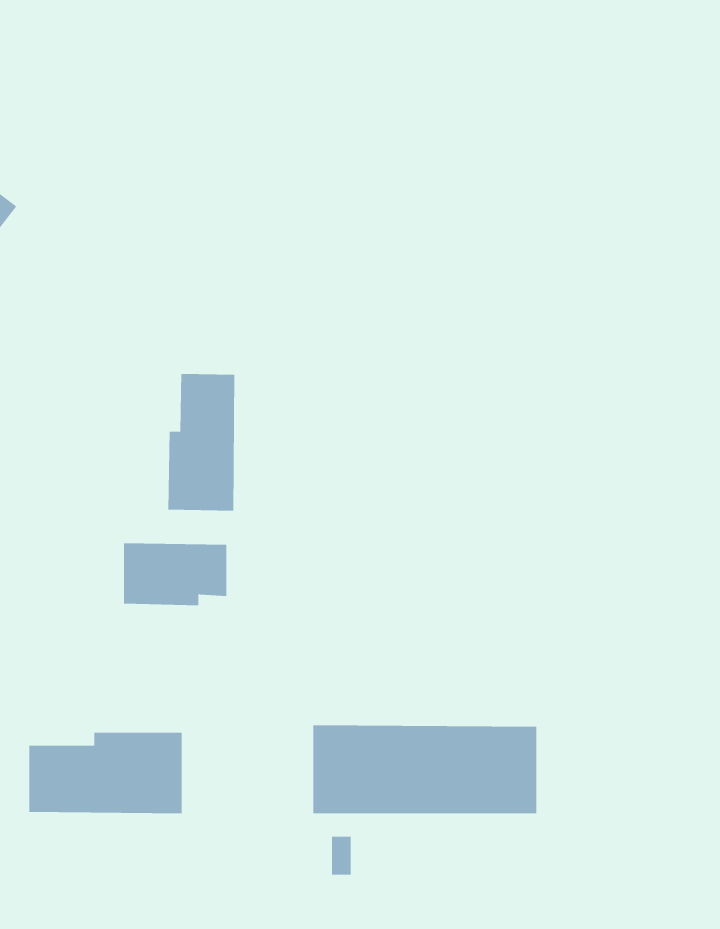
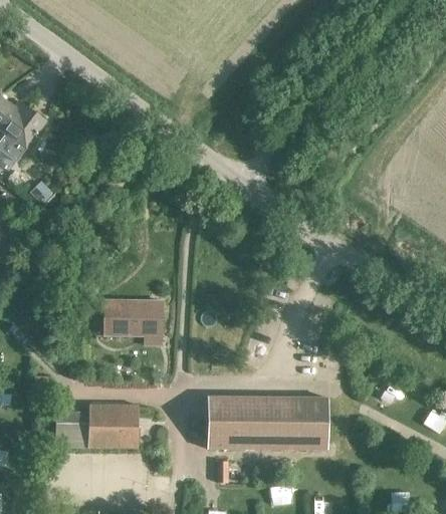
building: [168,373,235,511] -> none

